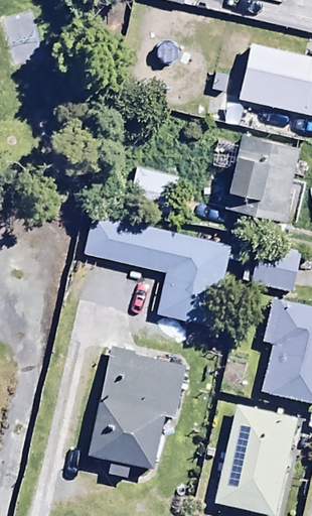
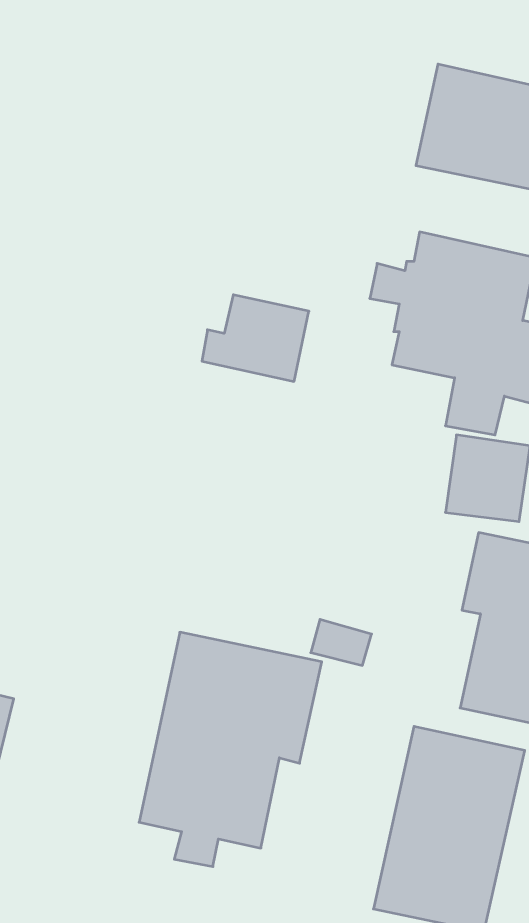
building: [84,212,254,347] -> none

